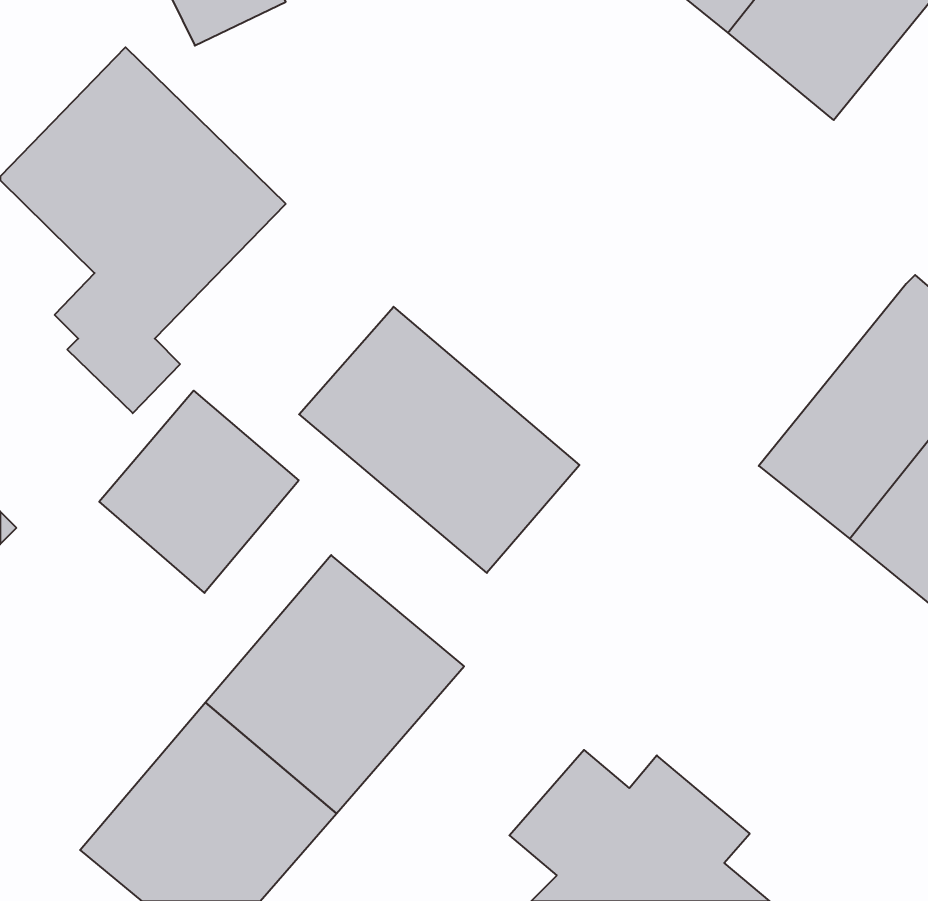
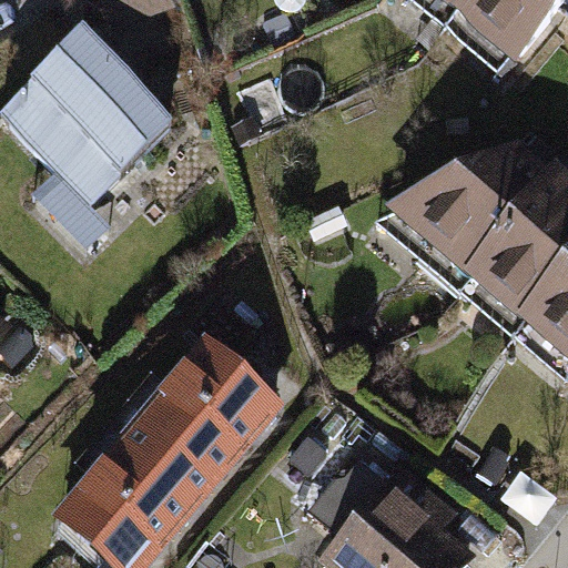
building: none -> [381,145,554,284]
building: [299,307,579,573] -> none
building: [99,391,299,593] -> none

